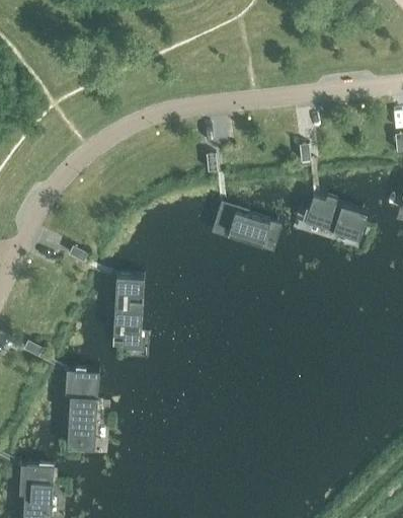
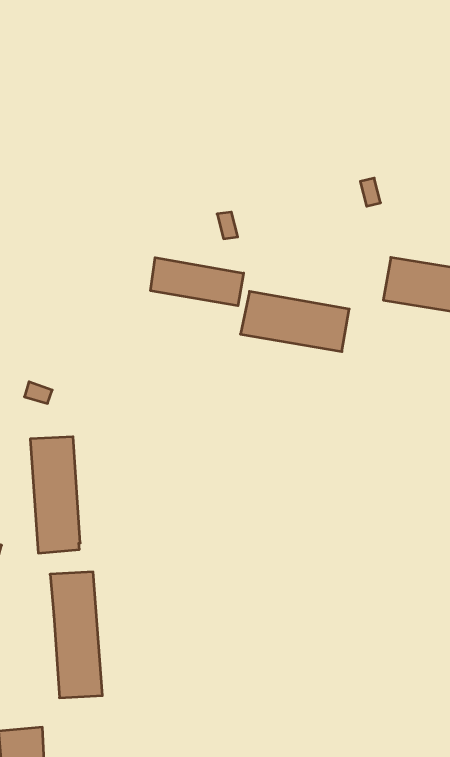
building: none -> [151,258,244,306]
building: [112,275,144,349] -> [30,437,80,553]

